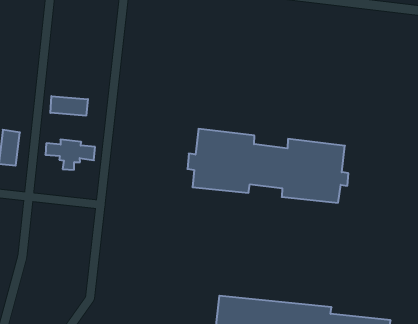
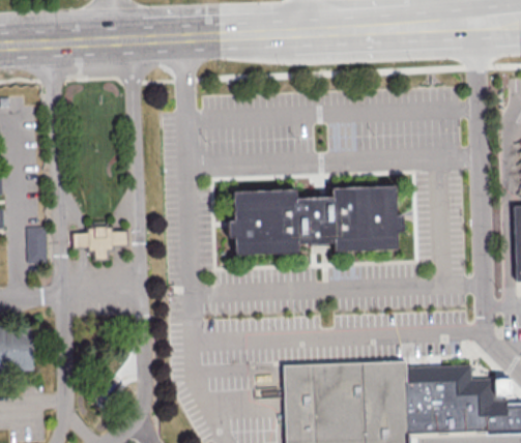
building: [50,96,88,116] -> none

